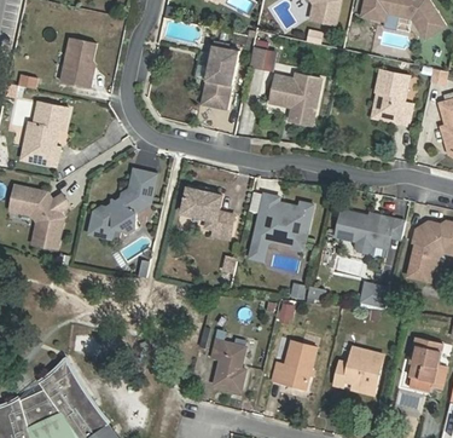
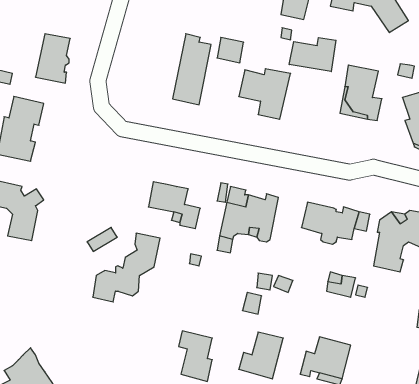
building: none -> [289,38,336,72]
building: [87,169,155,238] -> [93,233,160,302]
building: [408,336,446,388] -> none

